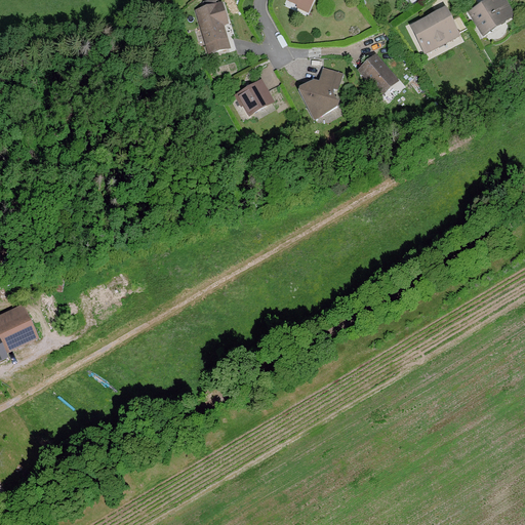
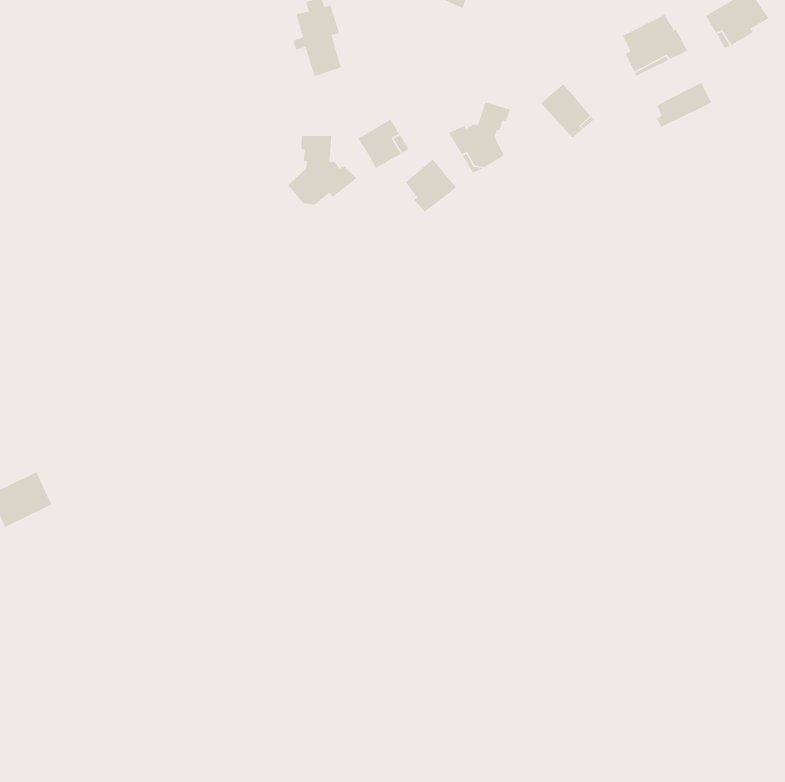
building: none -> [656,82,712,128]
building: none -> [287,135,358,205]
building: none -> [405,159,457,213]

